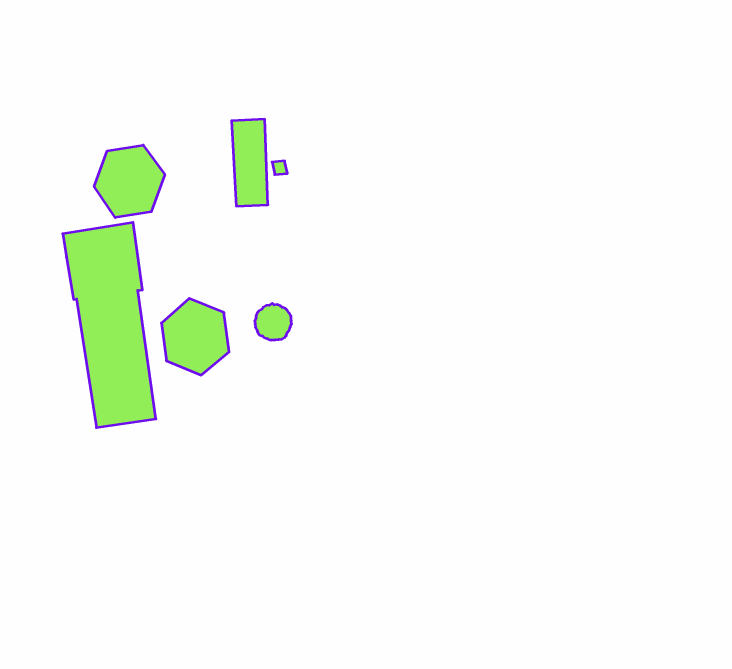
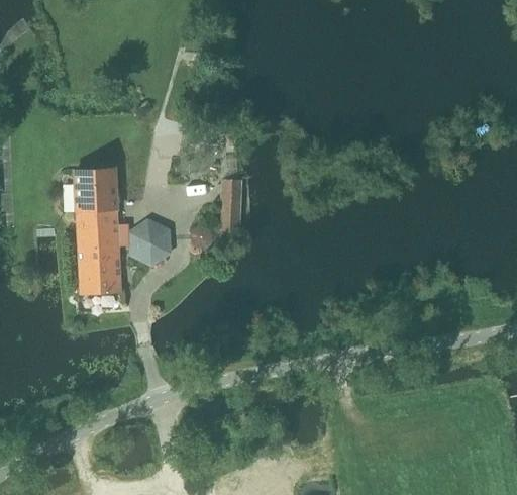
building: [232,119,268,206] -> [219,178,242,233]
building: [94,145,165,218] -> none

